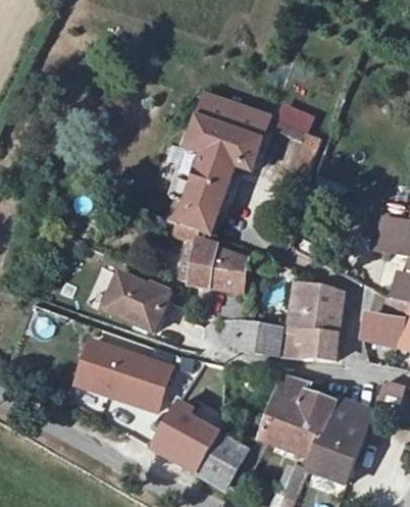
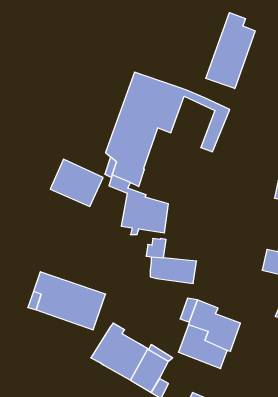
building: none -> [206,13,255,89]
building: [103,271,168,329] -> [50,159,103,206]
building: [283,282,343,357] -> none
building: [307,397,372,481] -> none

